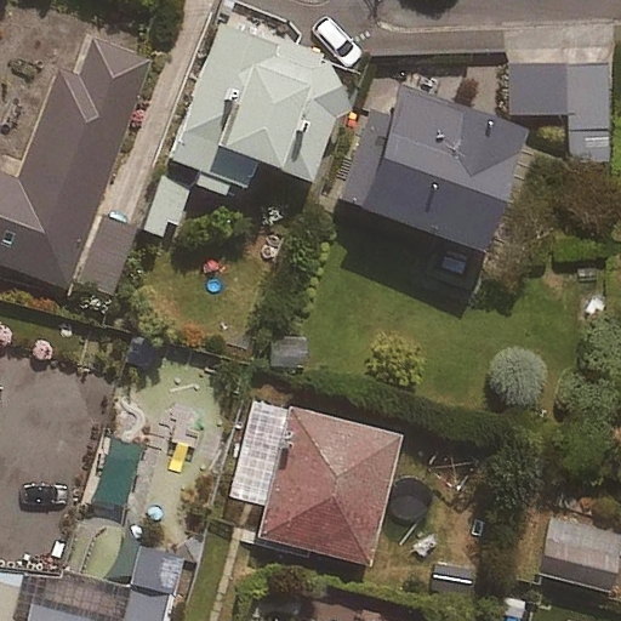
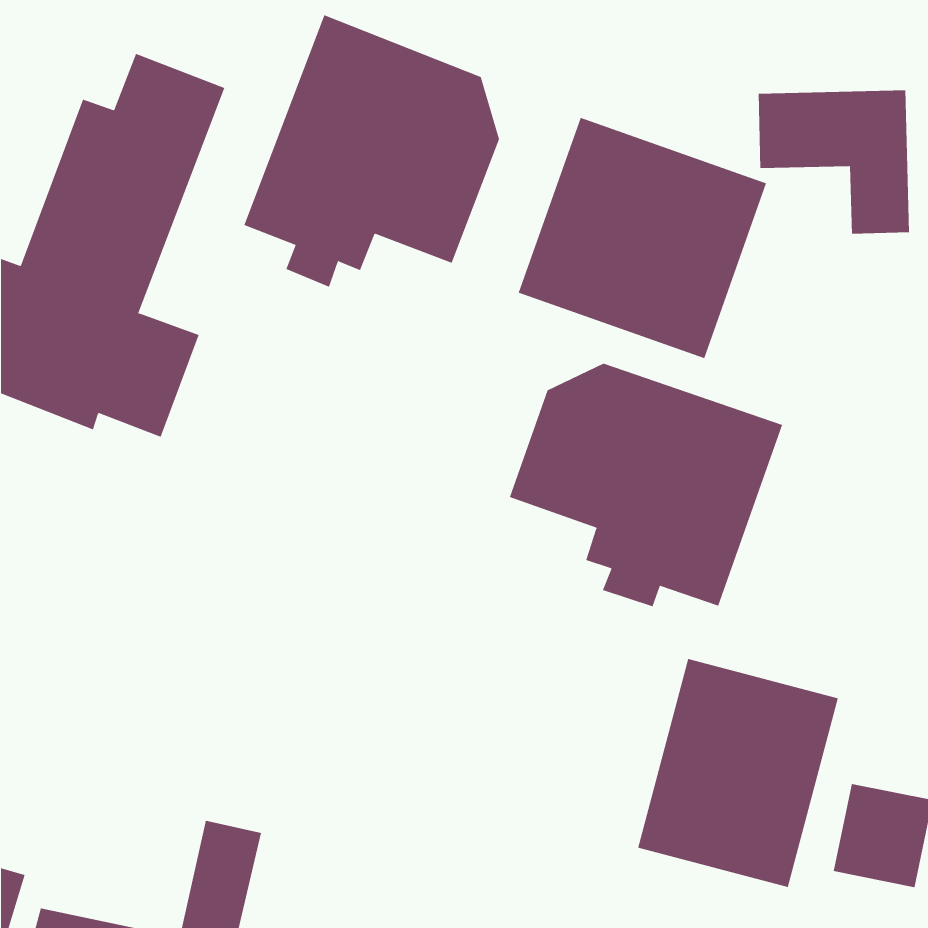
building: none -> [509,363,783,607]
building: [257,409,399,565] -> none
building: none -> [638,658,838,888]

